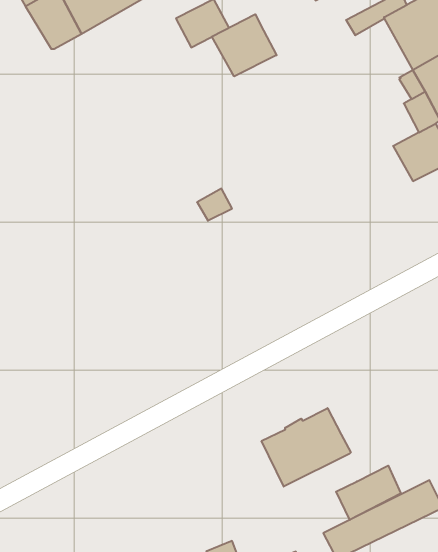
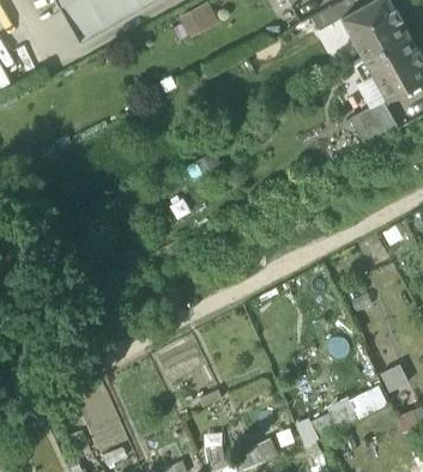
building: [212,14,277,76] -> none
building: [262,408,351,487] -> none
building: [336,466,401,520] -> none

